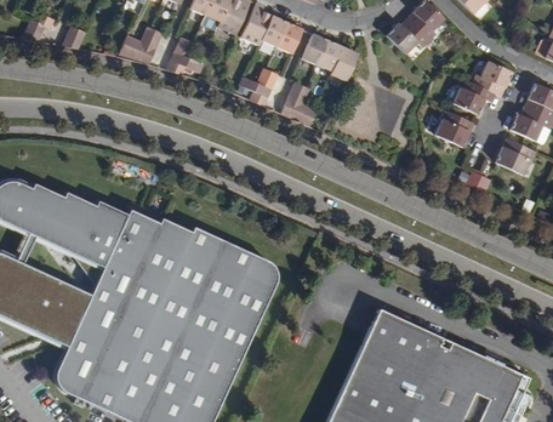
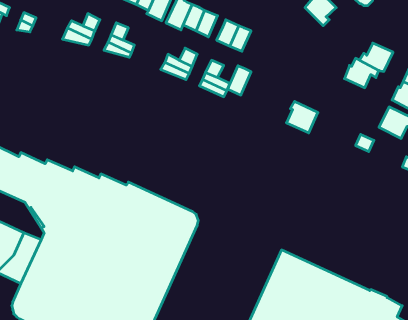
building: [387,18,429,53] -> none
building: [331,46,359,81] -> [228,66,251,95]
building: [437,109,474,147] -> [286,101,318,133]

